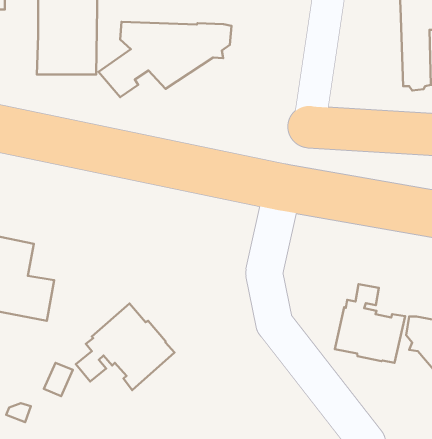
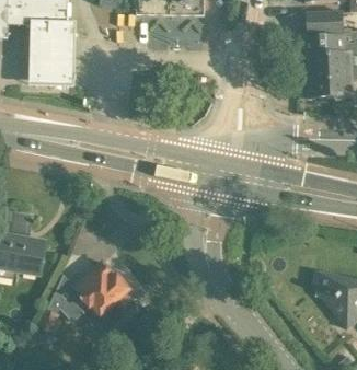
building: [99,22,231,97] -> none
building: [335,284,405,363] -> none

